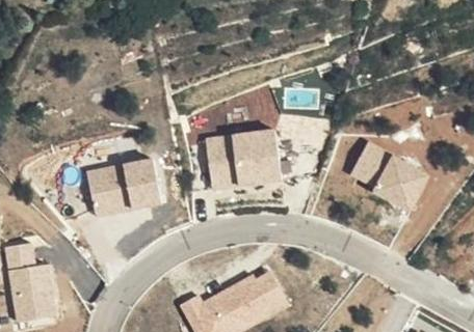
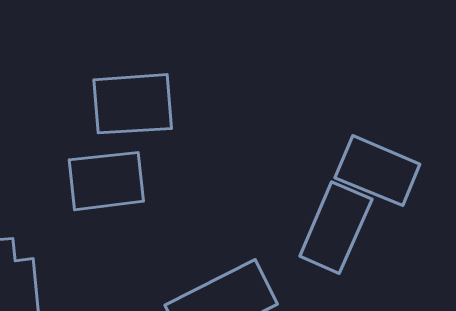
building: [206,130,282,187] -> [94,74,171,133]
building: none -> [300,182,372,274]

